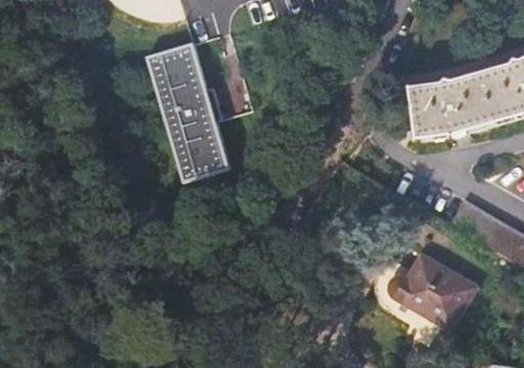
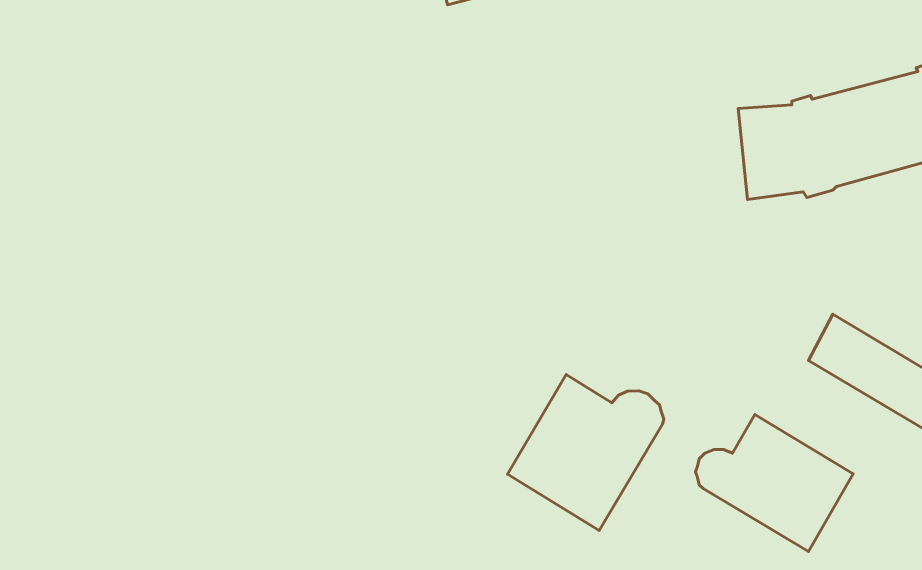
building: [146,41,231,181] -> none
building: none -> [508,374,664,531]

